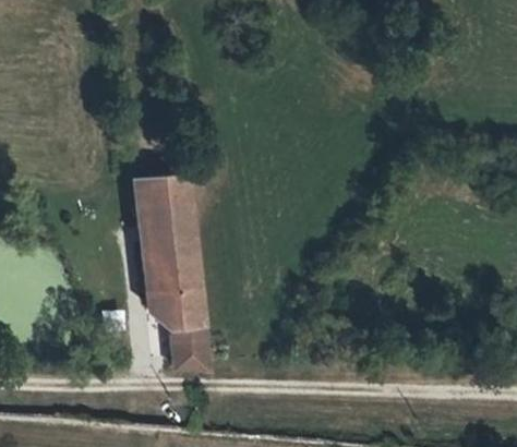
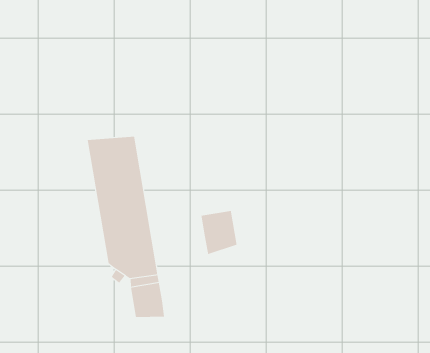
building: none -> [201,210,237,255]

